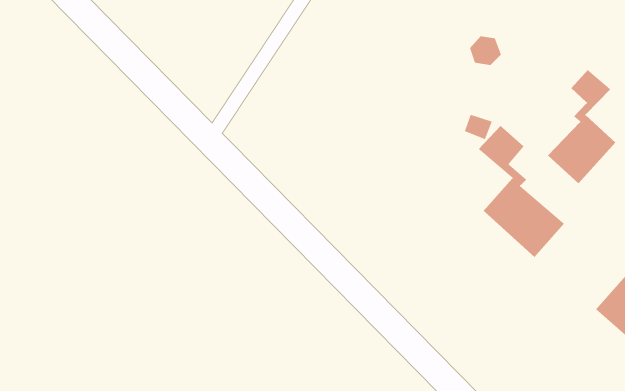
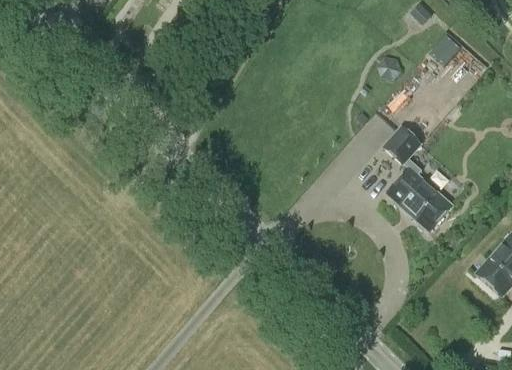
building: [547,69,616,184] -> none

